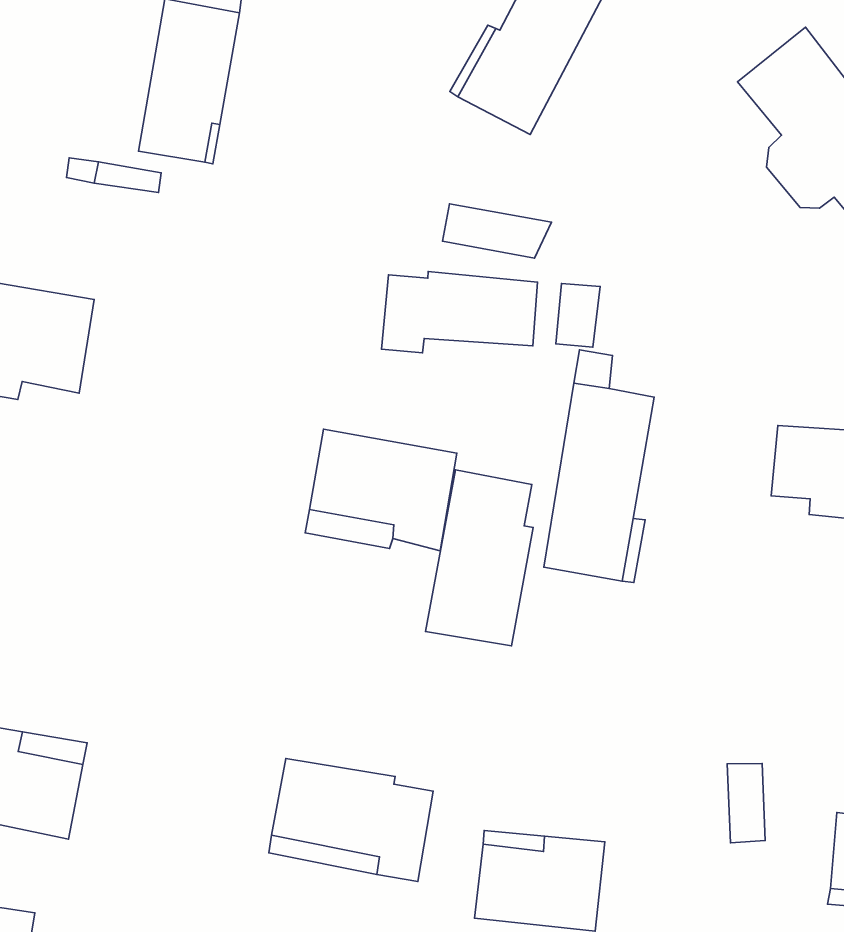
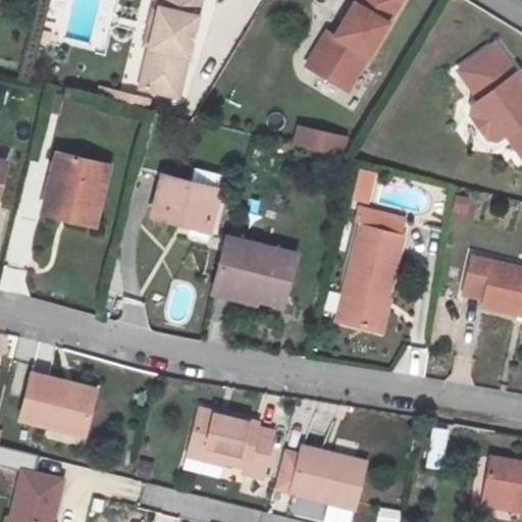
building: [382,272,537,353] -> none
building: none -> [159,172,221,223]
building: [426,470,533,646] -> none

